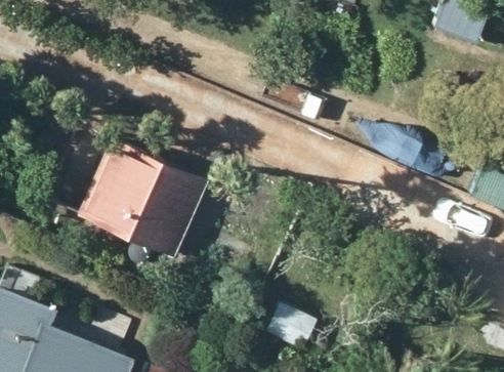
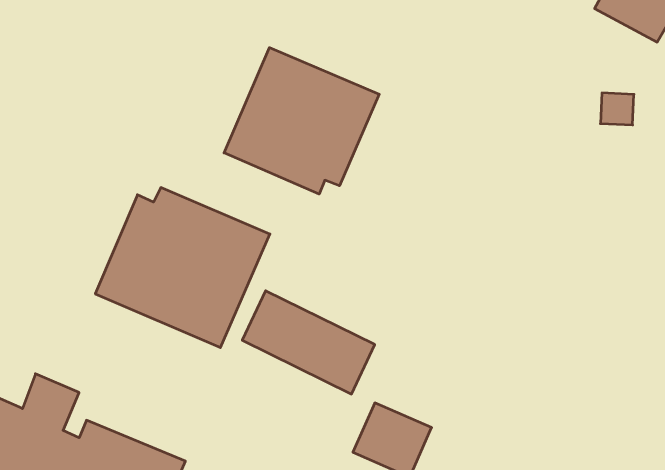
building: none -> [224,48,379,194]

